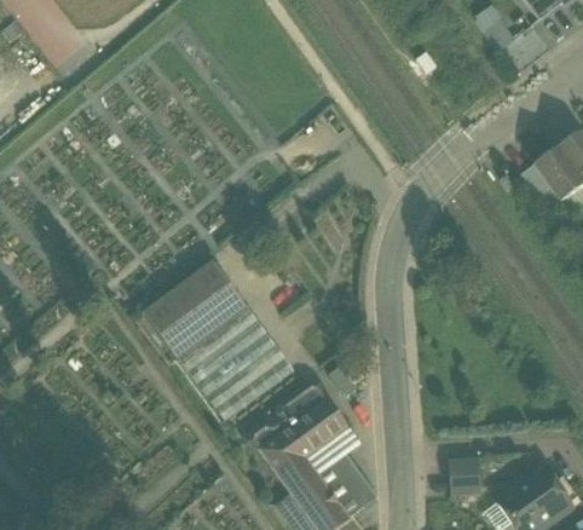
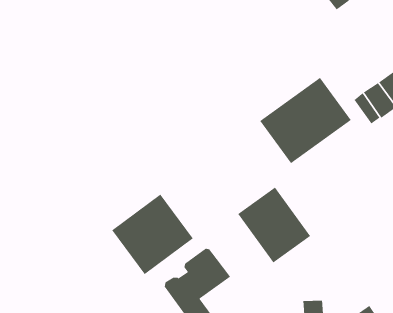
building: none -> [259,77,352,164]
building: [143,261,247,359] -> none
building: none -> [237,187,311,264]

